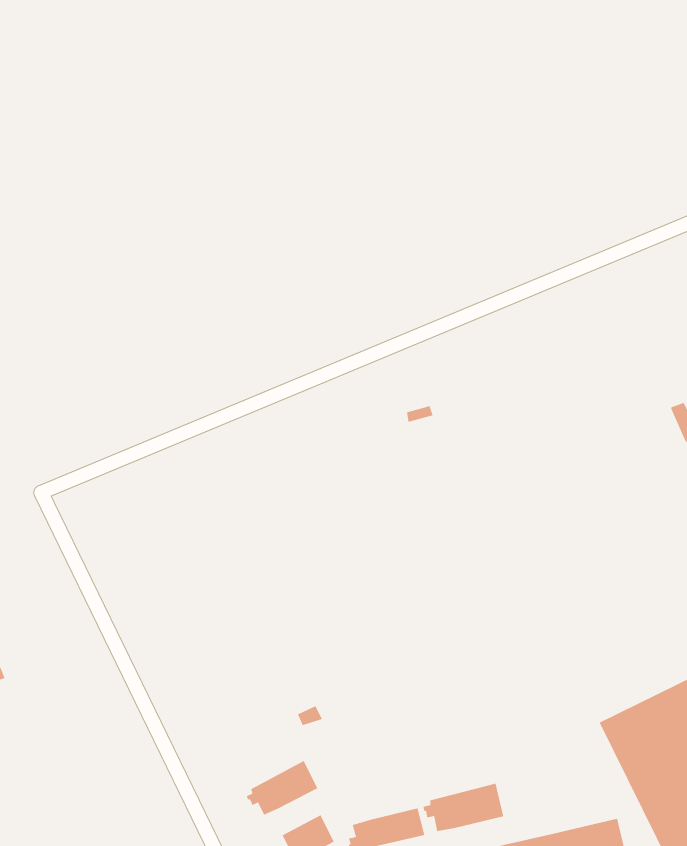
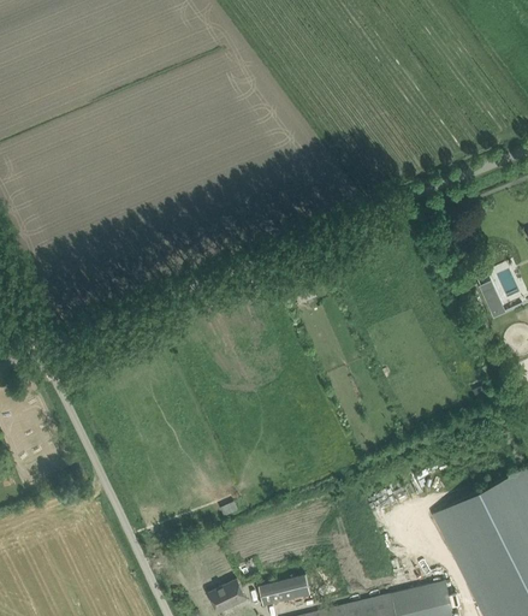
building: [246,760,318,816] -> none
building: [423,783,504,832] -> none

